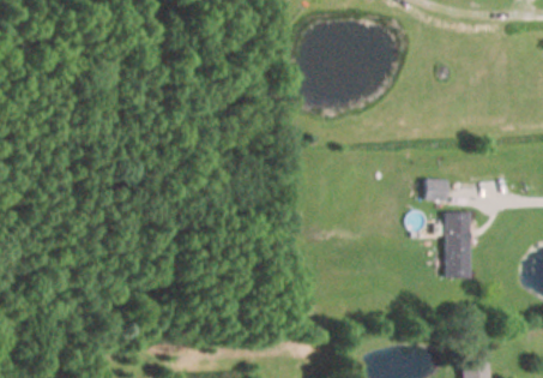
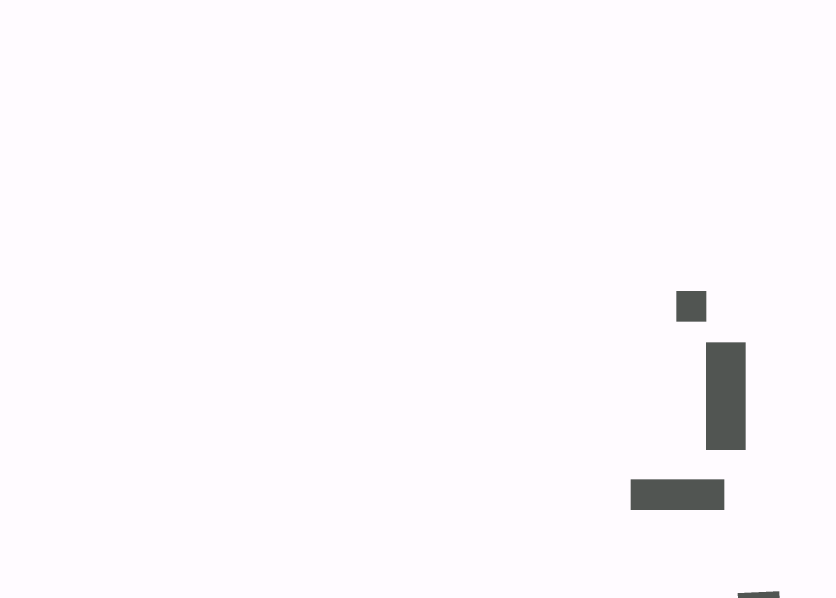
building: none -> [630,478,725,511]

